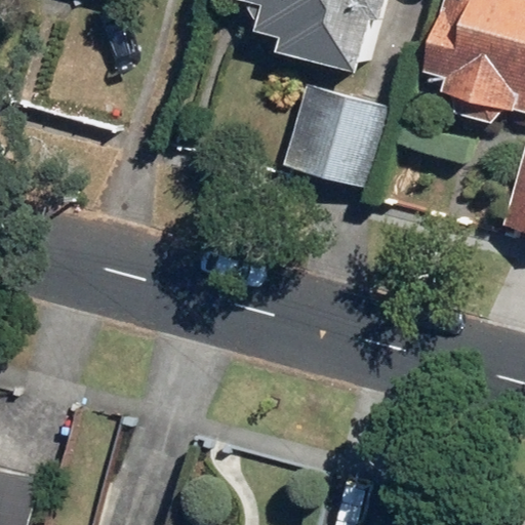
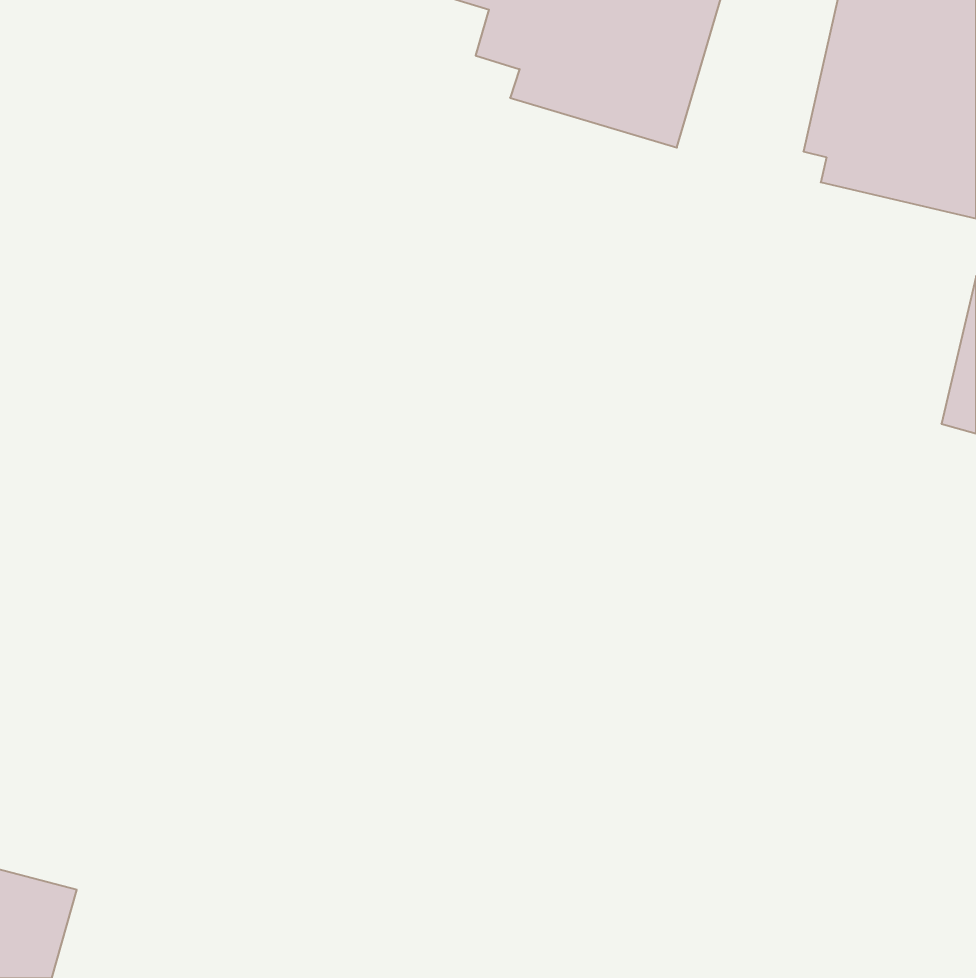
building: [286,81,391,188] -> none

